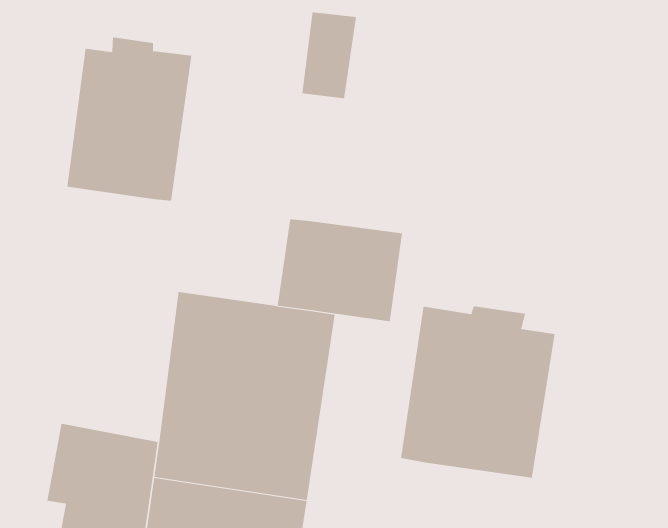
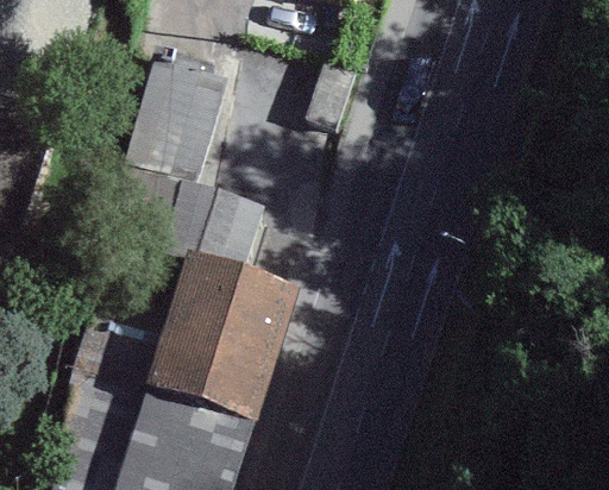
building: [277,219,403,322] -> [165,180,266,268]
building: [400,305,555,479] -> none

